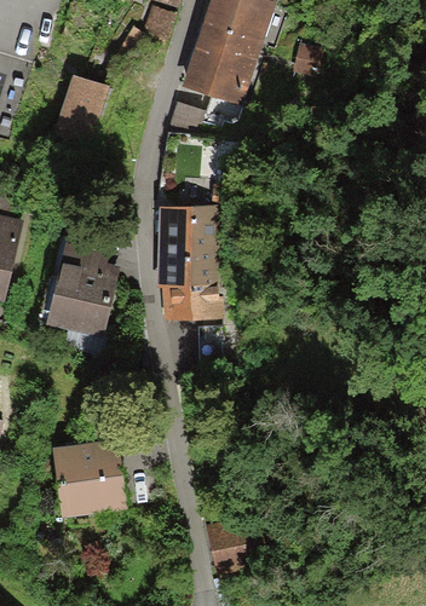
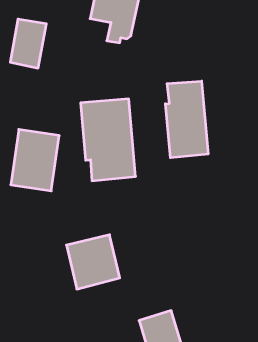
building: none -> [165,81,208,158]
building: [50,441,121,514] -> [66,235,120,289]

